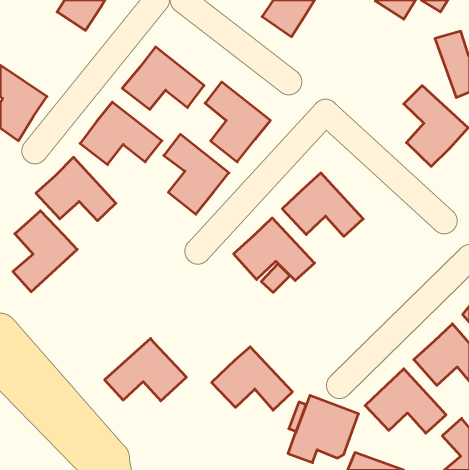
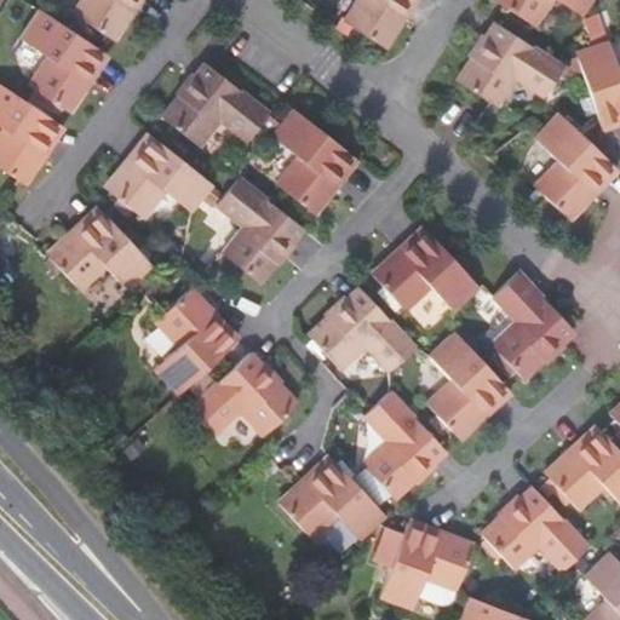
building: none -> [19,10,108,113]
building: none -> [458,22,562,107]
building: none -> [493,271,574,379]
building: [13,211,77,292] -> [154,288,239,395]
building: none -> [427,331,510,438]
building: none -> [364,390,446,499]
building: [105,338,186,401] -> [190,352,298,435]

